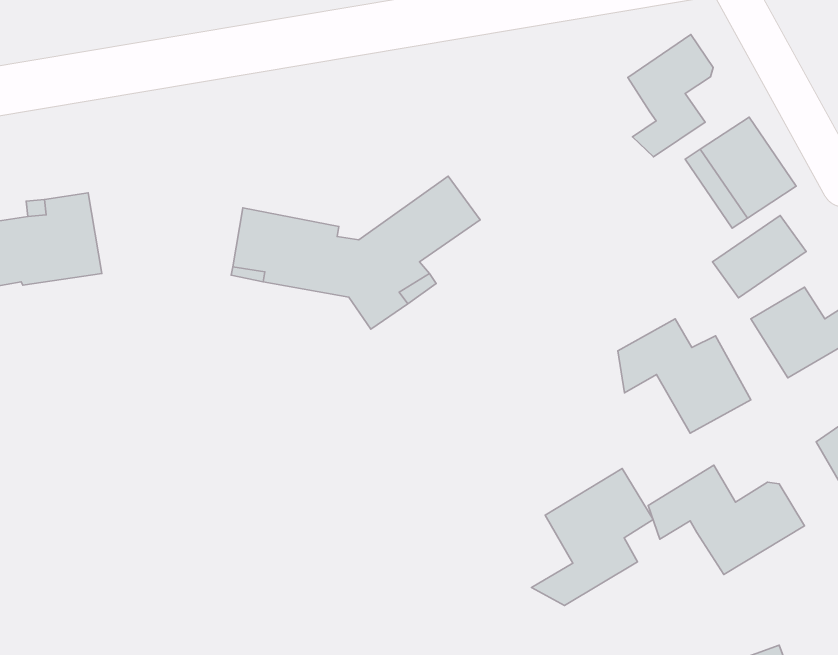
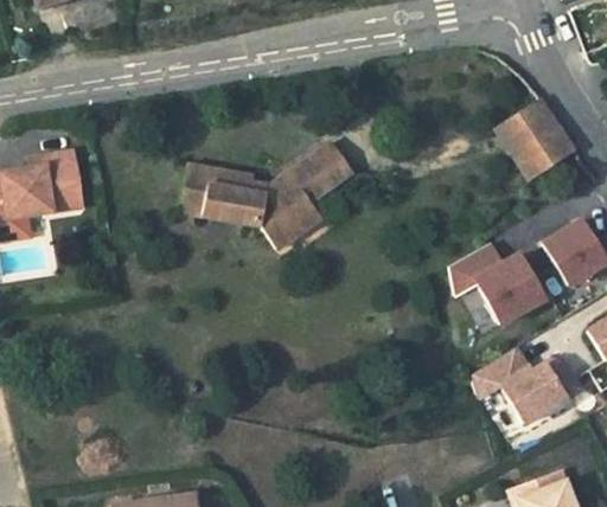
building: [628,35,713,157] -> none
building: [713,216,806,298] -> none
building: [531,469,653,606] -> none

